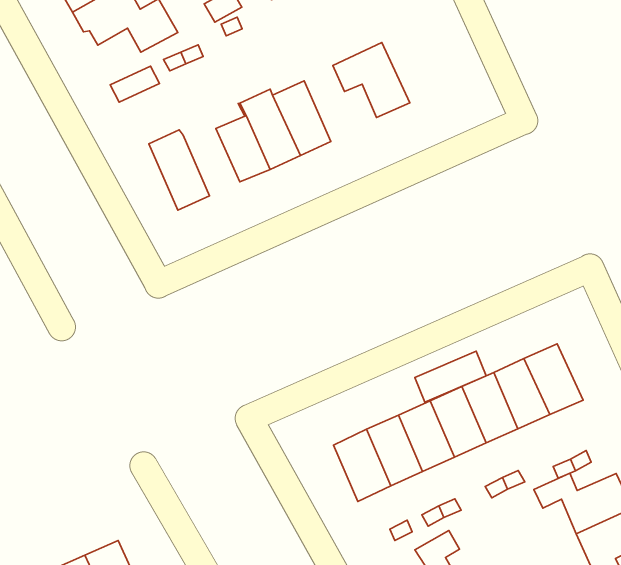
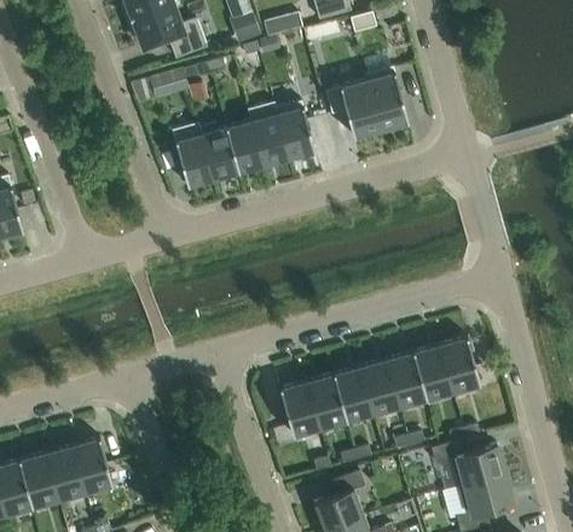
building: none -> [365,69,409,134]
building: none -> [199,125,238,180]
building: [415,351,486,402] -> none

